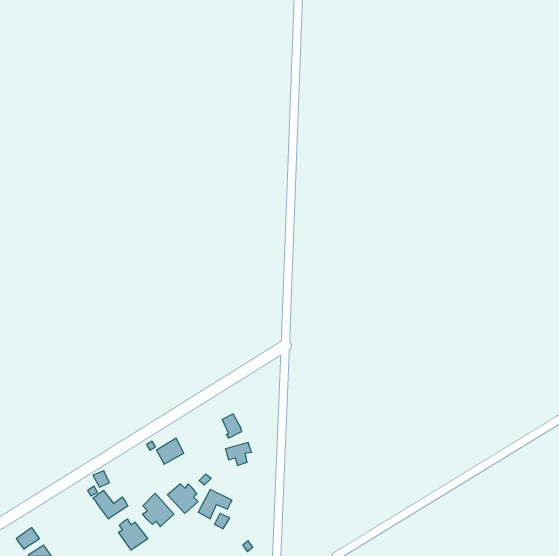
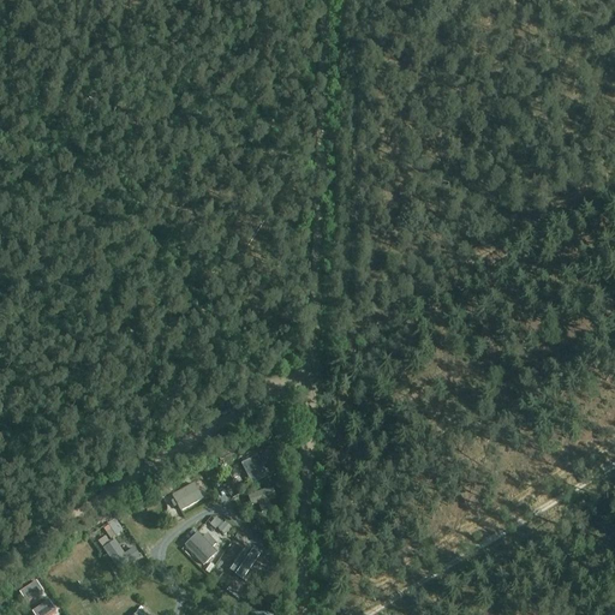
building: [143,493,174,527] -> none
building: [119,519,148,550] -> none

